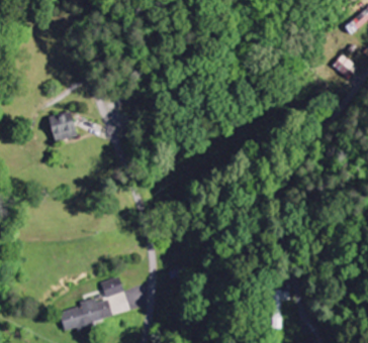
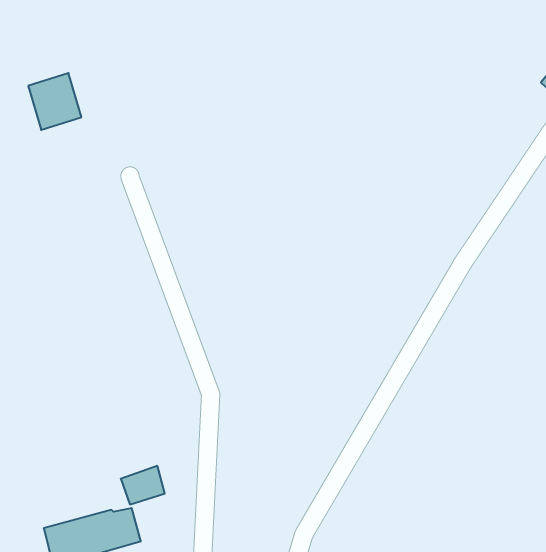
building: [47,111,76,142] -> [28,73,81,130]

